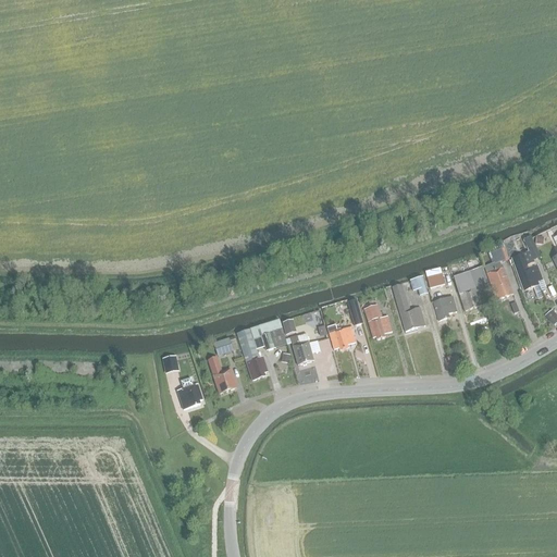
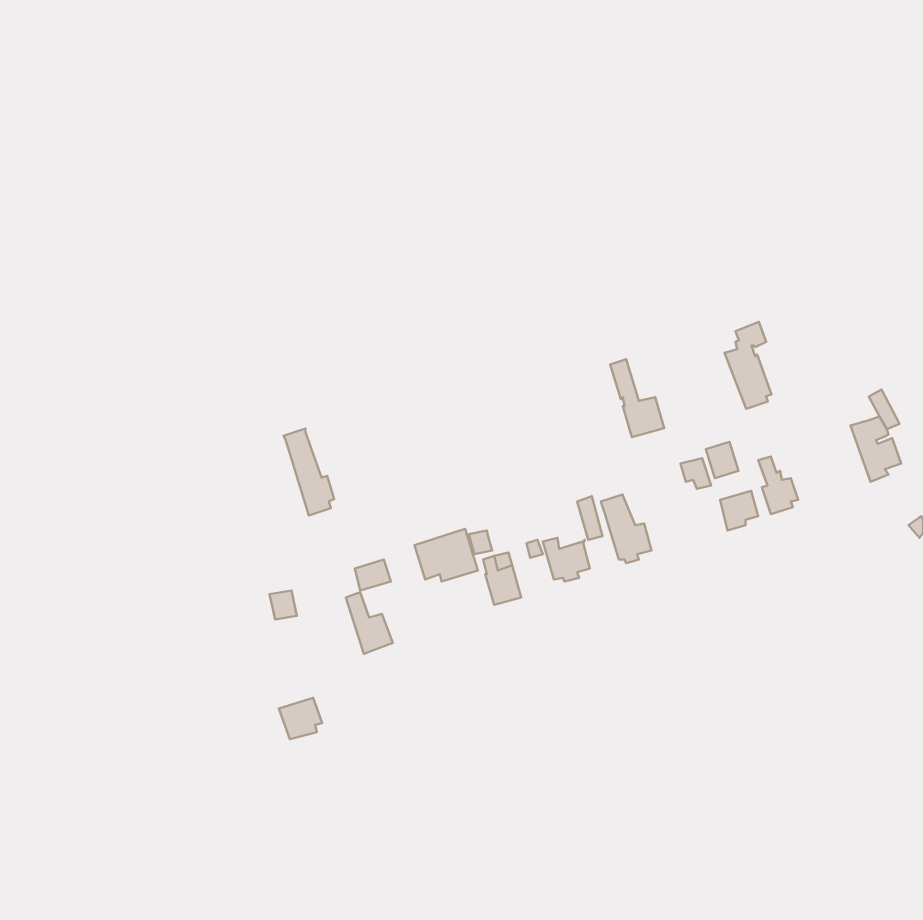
building: [483,246,511,298] -> [724,322,772,409]
building: [392,283,424,330] -> [610,359,664,437]
building: [236,327,267,380] -> [284,429,334,516]
building: [176,383,202,408] -> [279,698,322,739]

